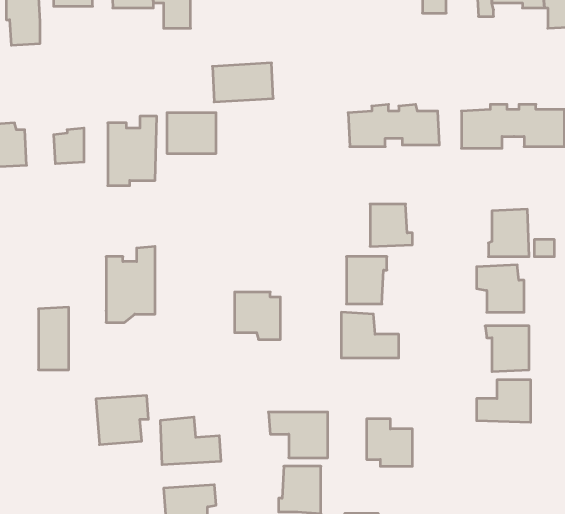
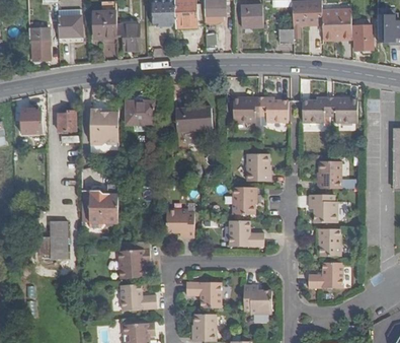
building: [212,63,273,102] -> [175,107,212,130]
building: [96,396,148,445] -> [117,249,149,278]

